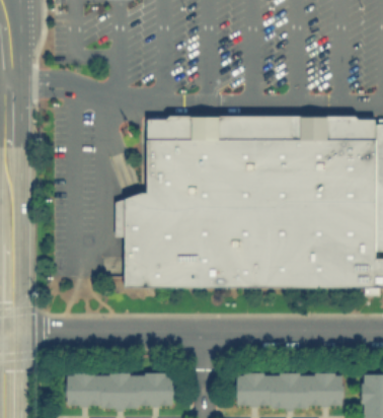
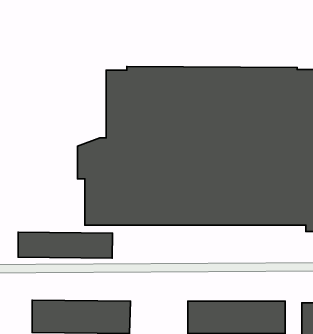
building: none -> [18,232,112,258]

